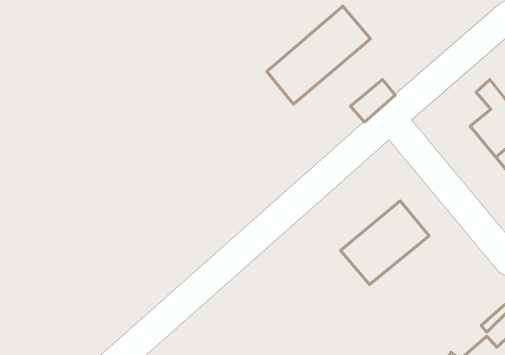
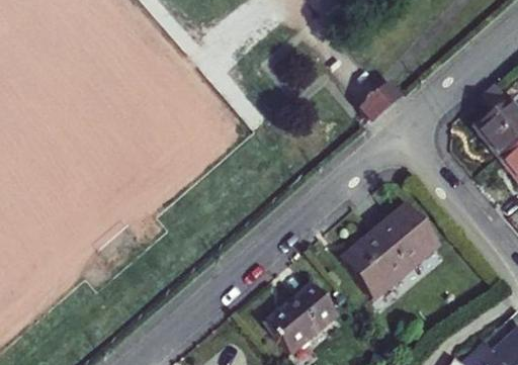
building: [267,6,371,104] -> none
building: none -> [266,285,335,351]

